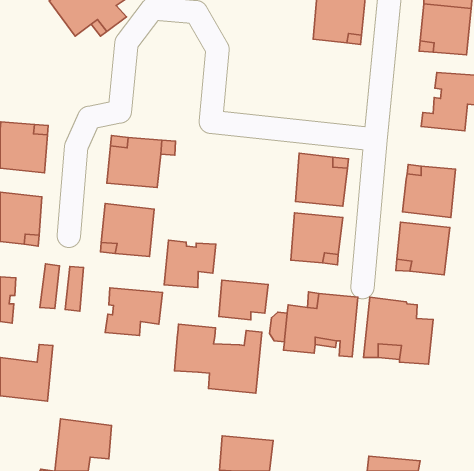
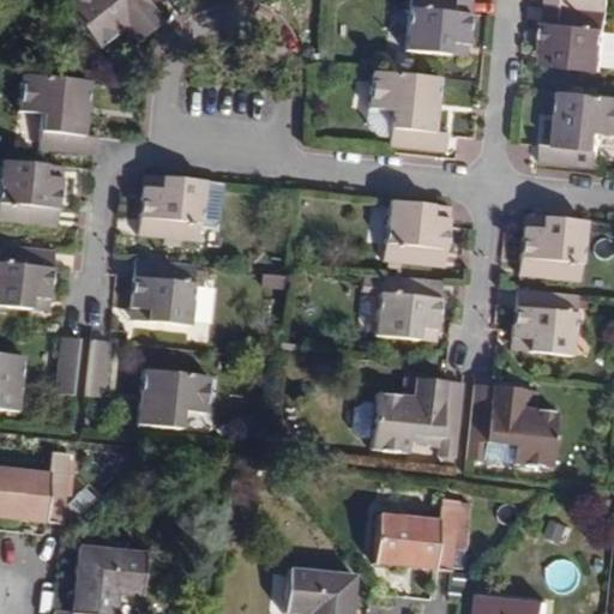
building: none -> [23,71,100,150]
building: none -> [369,74,447,152]
building: [164,240,216,287] -> none
building: [219,280,268,320] -> none
building: [174,324,262,393] -> none
building: none -> [374,498,460,570]

